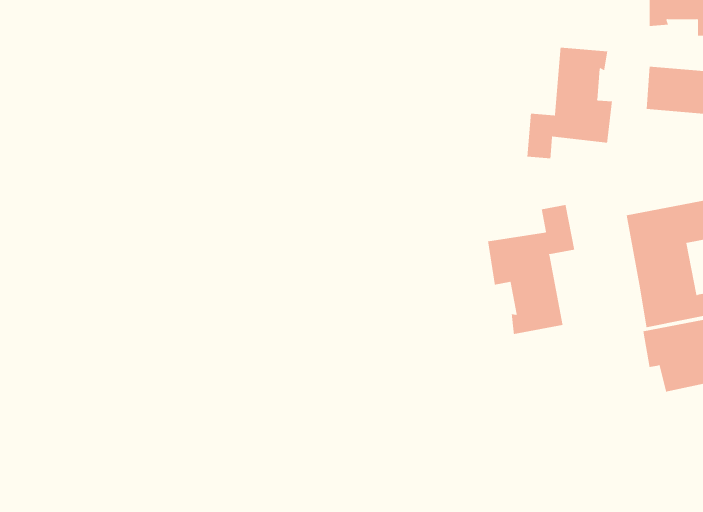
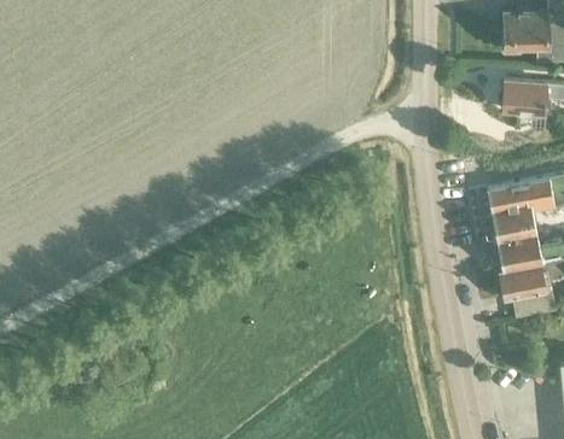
building: [527,47,613,159] -> none
building: [488,204,575,335] -> none

